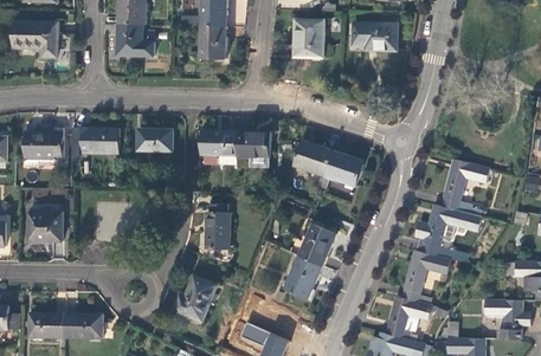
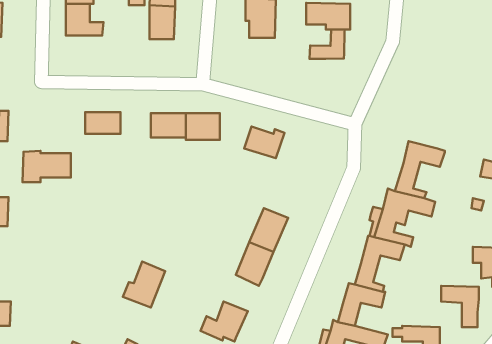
building: none -> [309,29,345,59]
building: [72,127,120,157] -> [22,151,71,182]
building: [324,149,362,185] -> none
building: [206,203,230,247] -> none
building: [65,313,104,338] -> none

